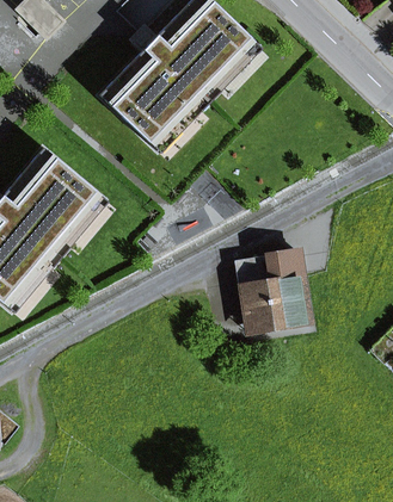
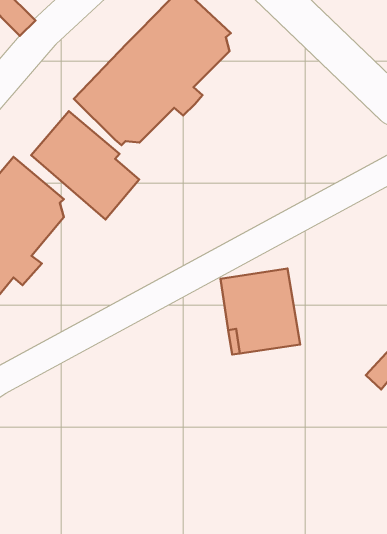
building: none -> [31,111,139,220]

